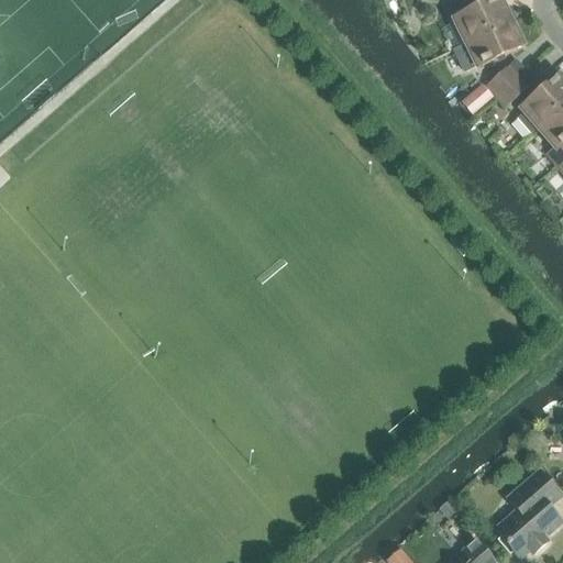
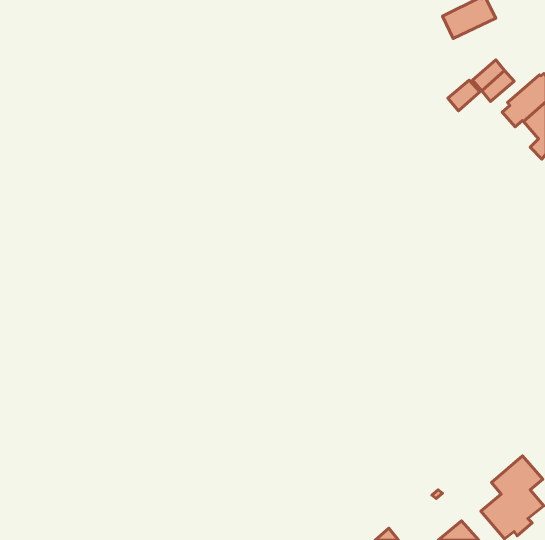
building: [453,19,522,68] -> none

